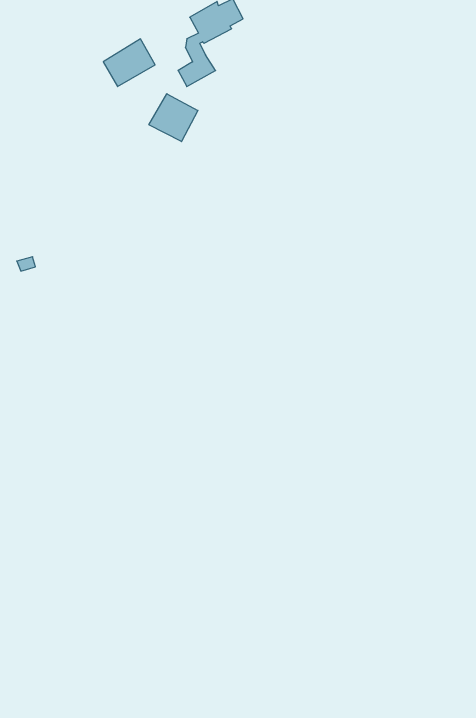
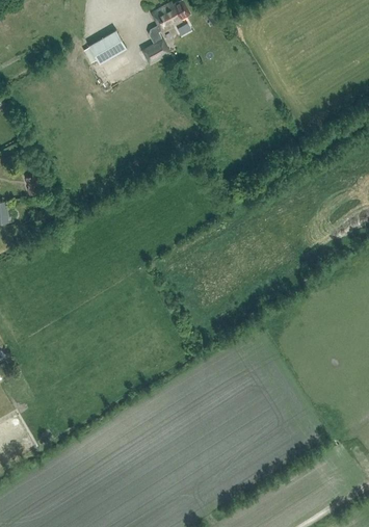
building: [149,94,198,142] -> none

